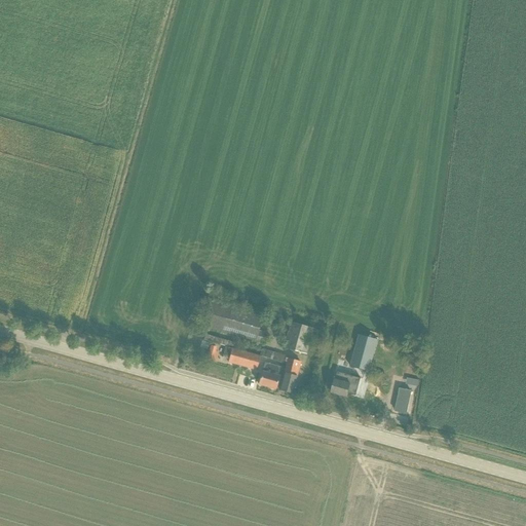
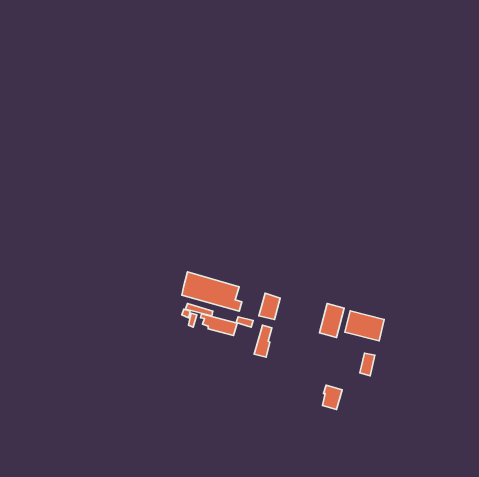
building: none -> [345,311,384,341]
building: [258,361,280,387] -> none
building: [331,369,352,396] -> [322,385,342,409]

